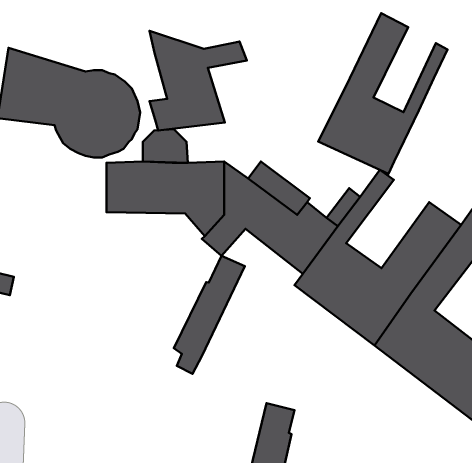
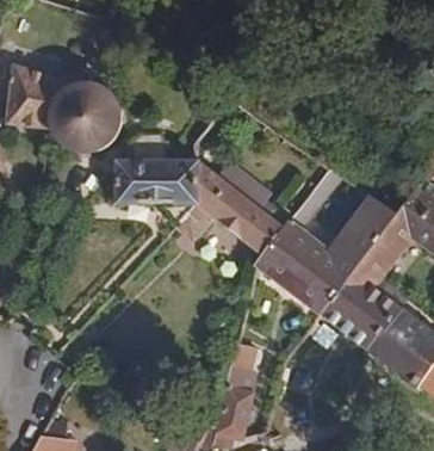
building: [318,13,448,174] -> none
building: [149,31,247,130] -> none
building: [174,256,245,374] -> none

